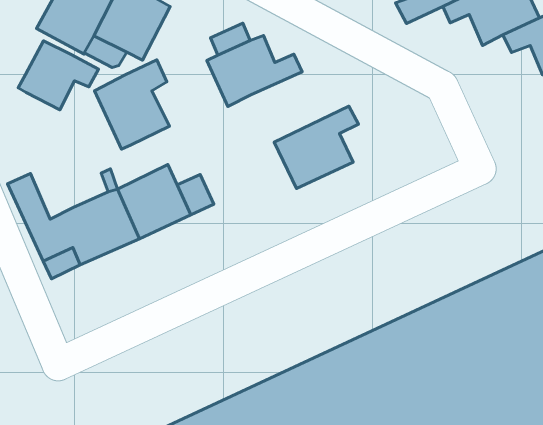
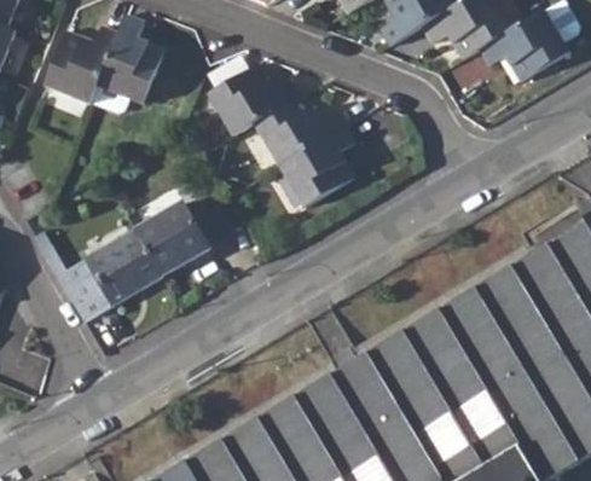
building: [18,41,99,110] -> none
building: [94,60,170,149] -> none
building: none -> [251,98,344,170]

